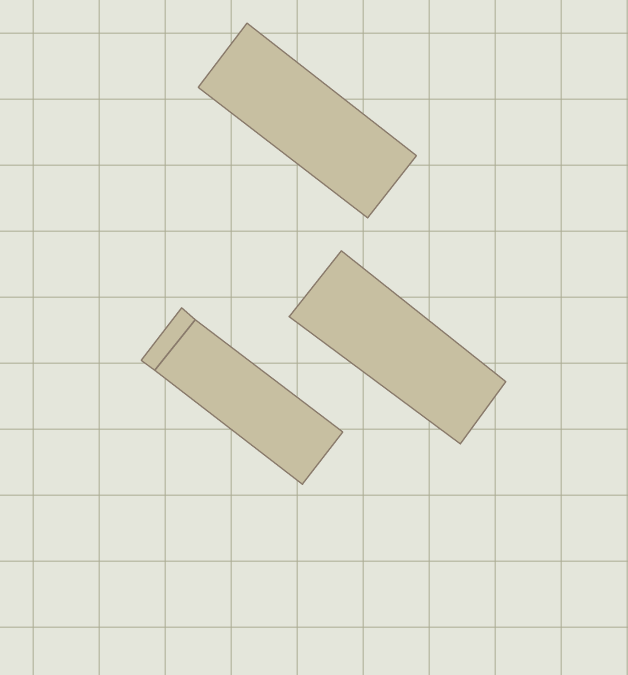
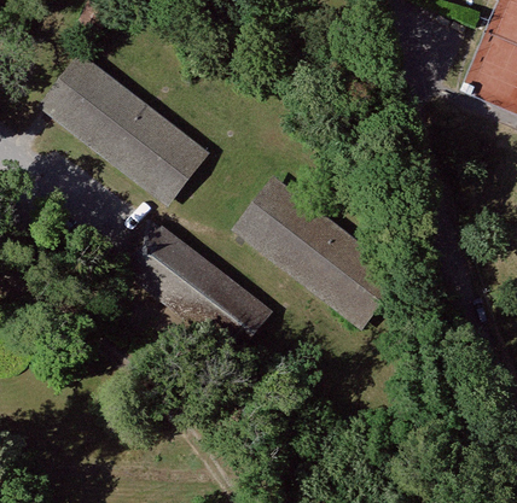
building: [198,23,416,218] -> [50,57,207,197]

